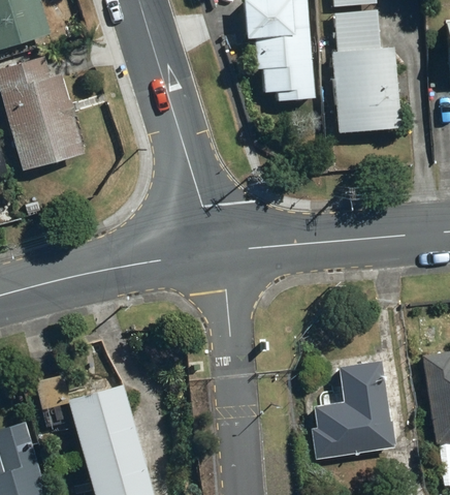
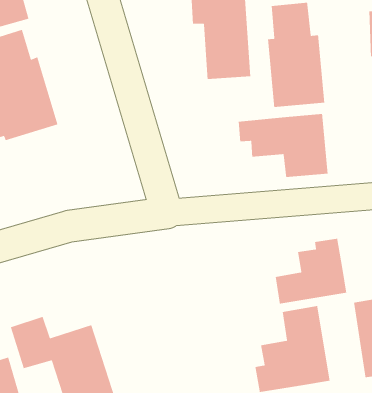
building: none -> [238,113,329,178]
building: none -> [275,238,347,305]

